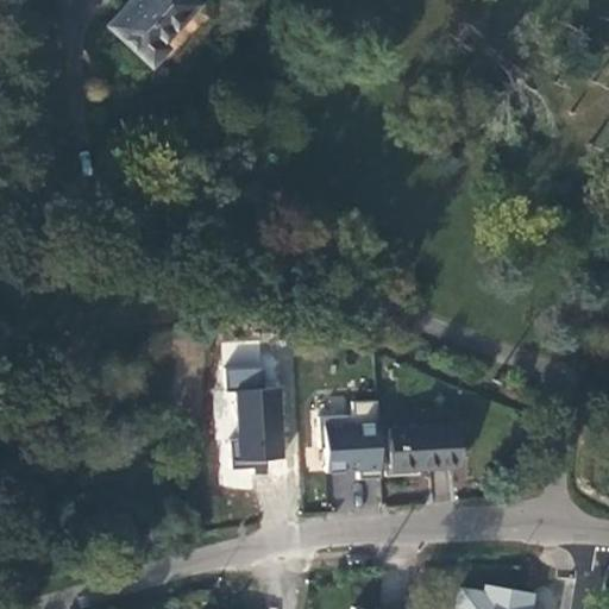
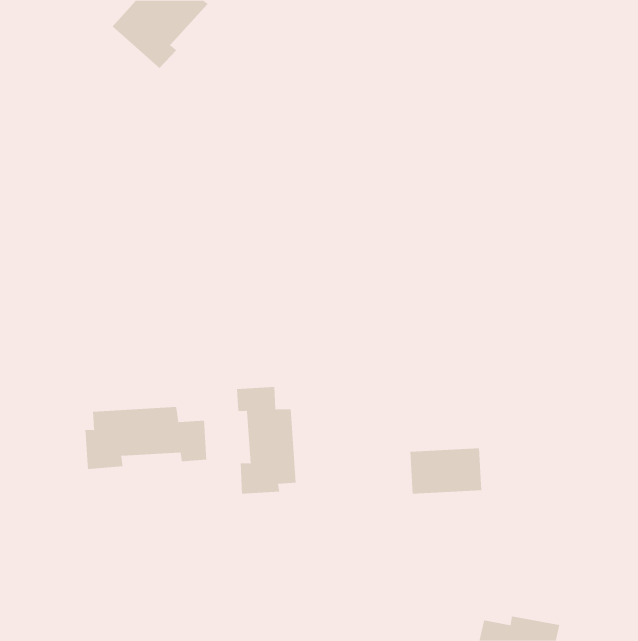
building: none -> [85,406,207,470]
building: [320,398,383,479] -> none

